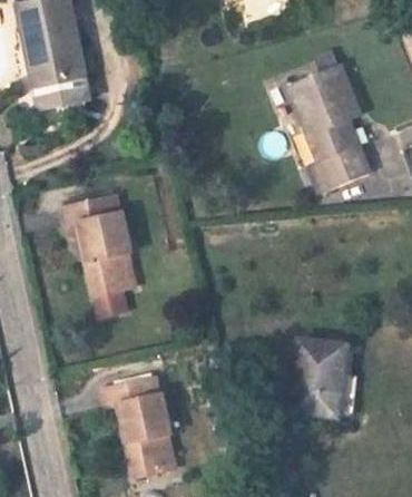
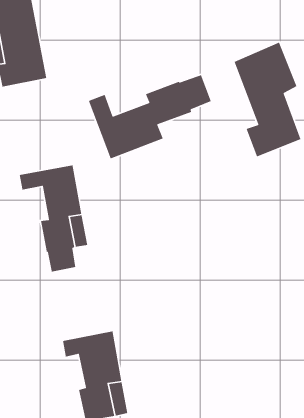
building: none -> [88,74,212,159]
building: [290,339,351,420] -> none

